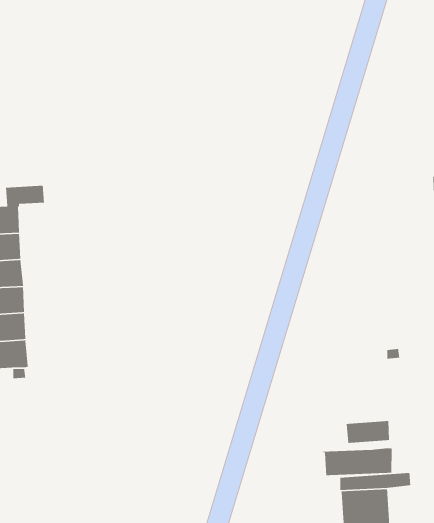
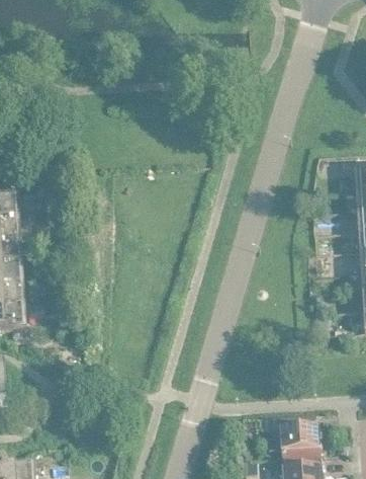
building: [344,420,392,444] -> none
building: [321,448,395,476] -> none

